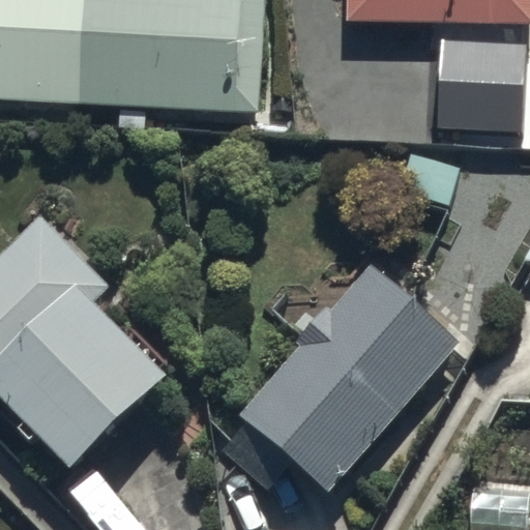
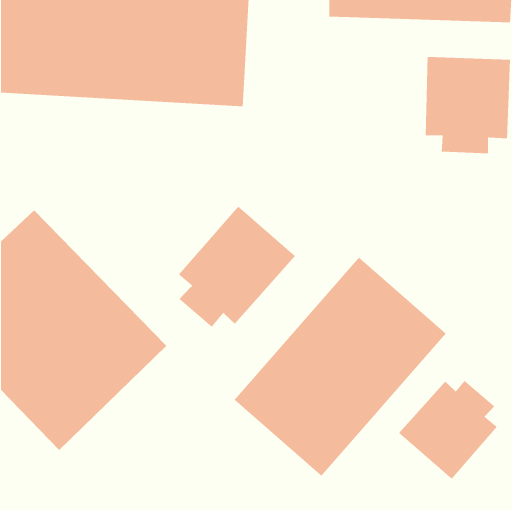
building: none -> [178,205,296,328]
building: none -> [398,380,498,480]

